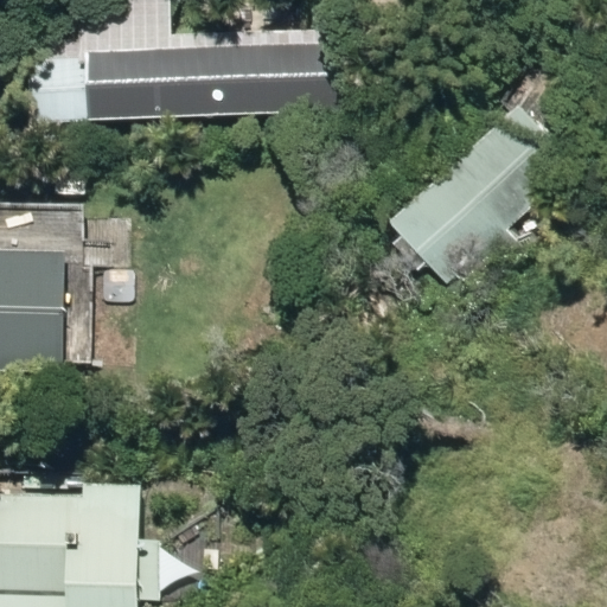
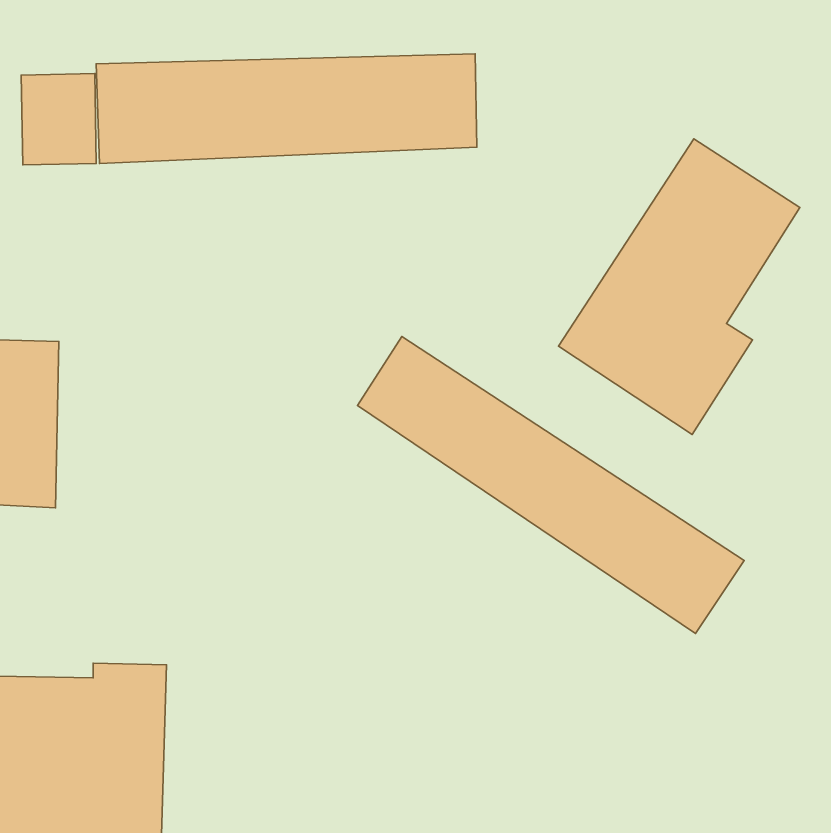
building: none -> [357,336,744,634]

